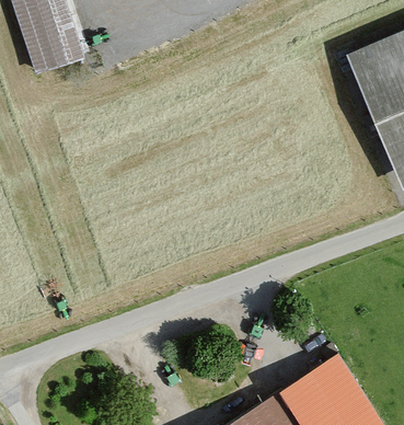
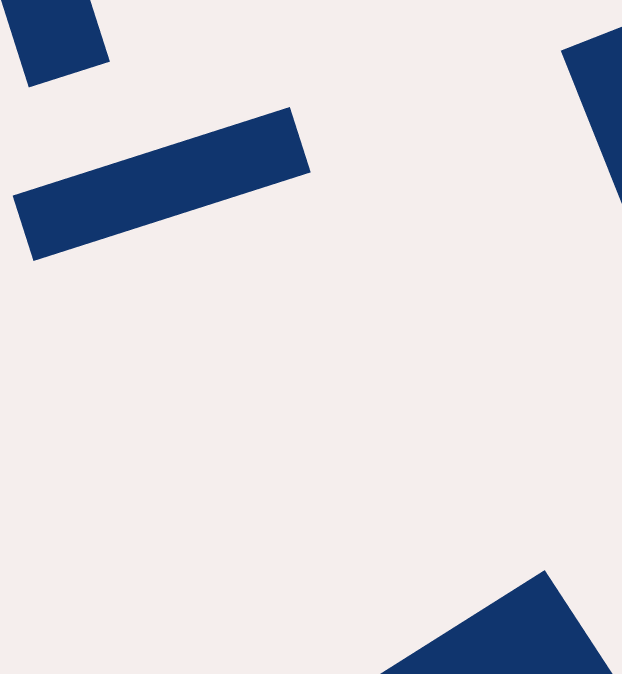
building: none -> [12,106,312,262]

